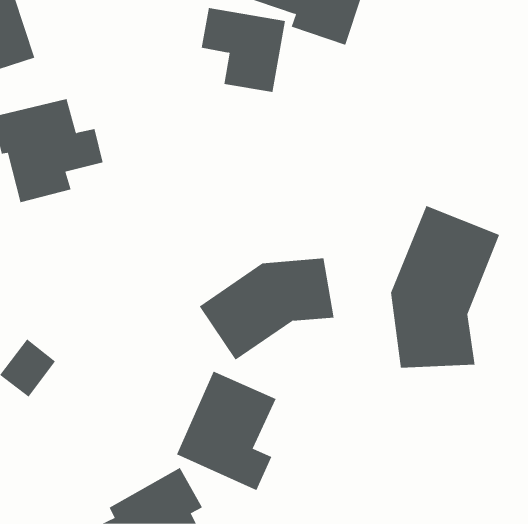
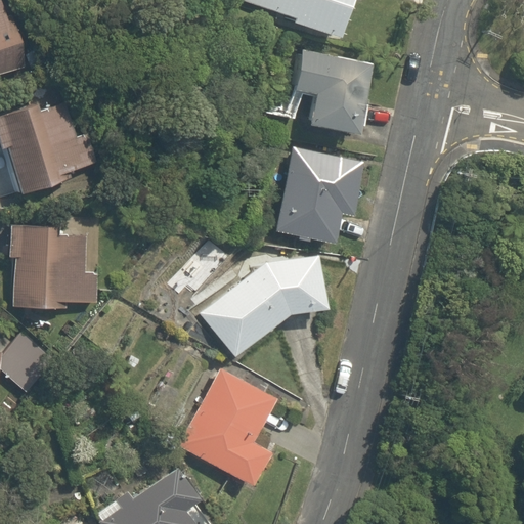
building: [201,8,286,92] -> [288,51,372,135]
building: none -> [267,142,365,247]
building: [390,205,500,368] -> none
building: none -> [6,232,95,313]

